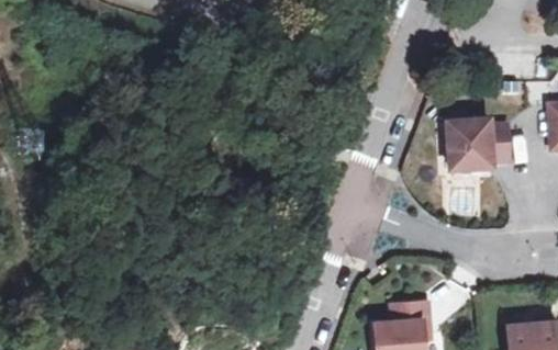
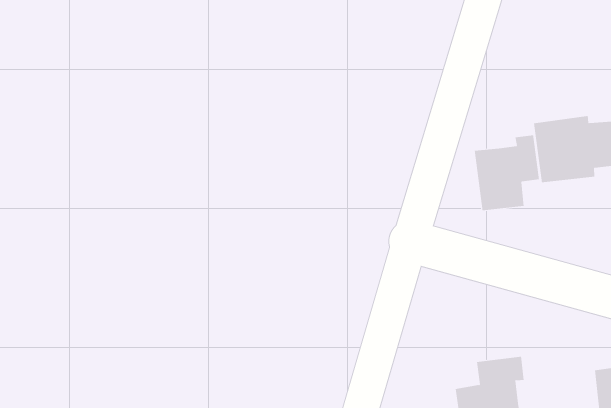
building: none -> [474,134,540,211]

